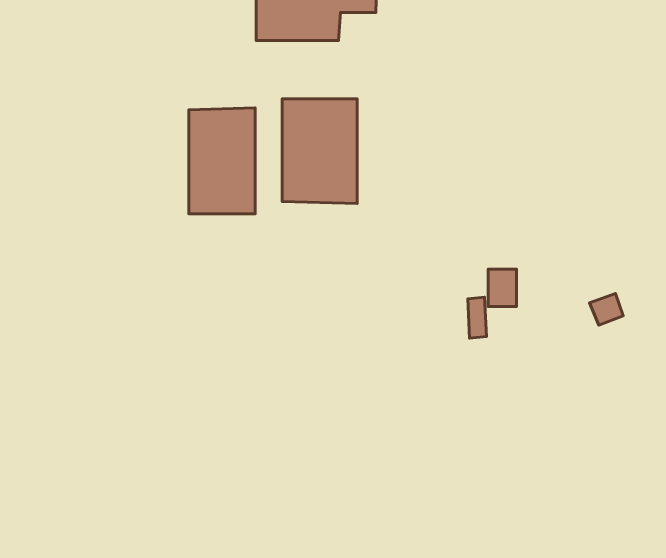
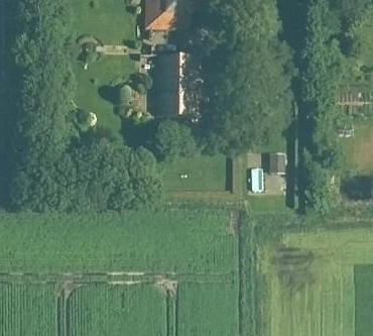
building: [189,108,255,214] -> none

